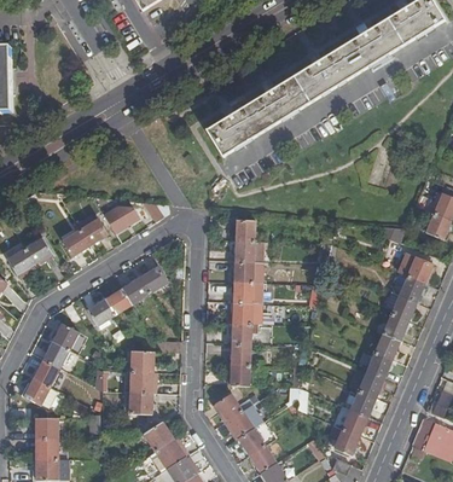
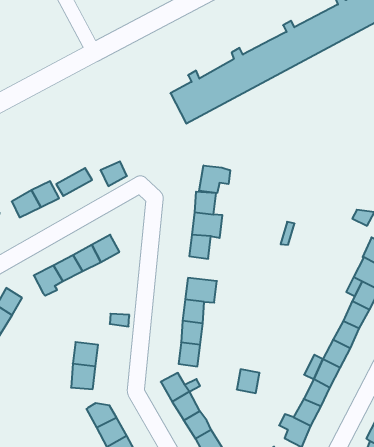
building: none -> [199,165,230,193]
building: [233,281,262,303] -> none
building: [123,348,152,371] -> none

